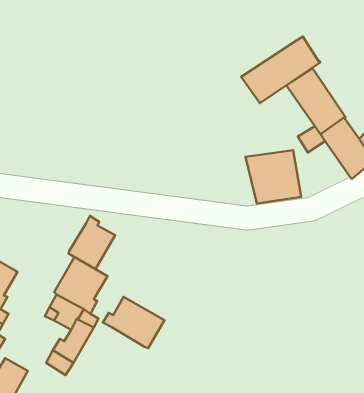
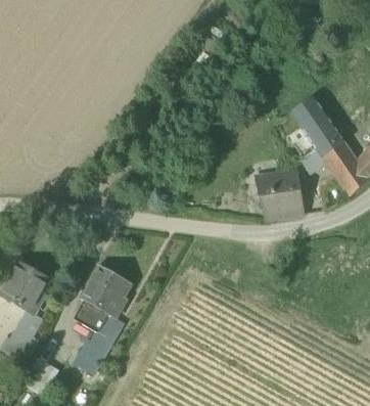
building: [241,36,320,103] -> none
building: [68,216,115,269] -> none
building: [103,297,164,348] -> none

